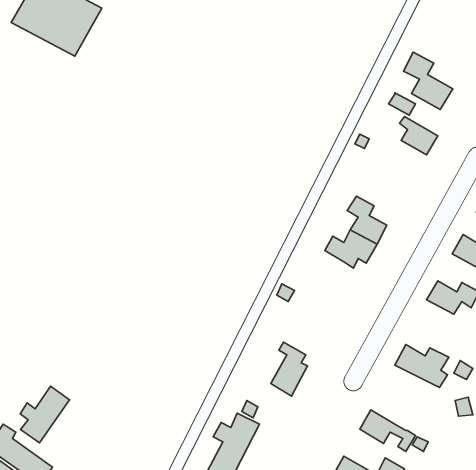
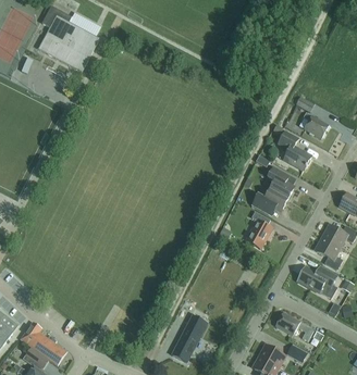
building: [404,52,453,110] -> [278,130,311,170]
building: none -> [313,237,342,270]
building: [271,342,307,396] -> [246,211,271,248]
building: [20,386,69,443] -> none

